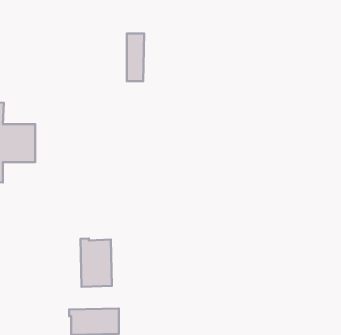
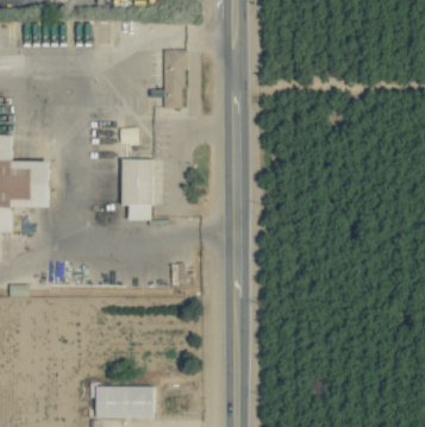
building: none -> [120,158,152,220]
building: [81,239,112,287] -> none

